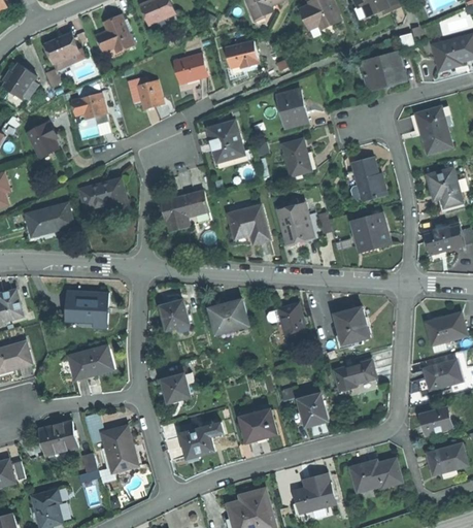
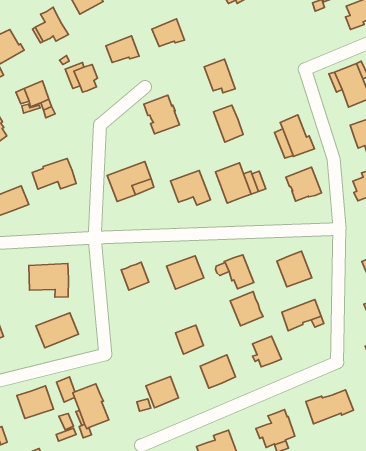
building: [364,53,403,90] -> none
building: none -> [230,291,263,326]
building: [162,372,191,402] -> [176,325,204,354]

